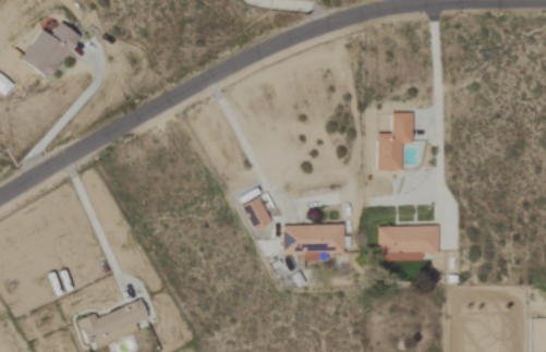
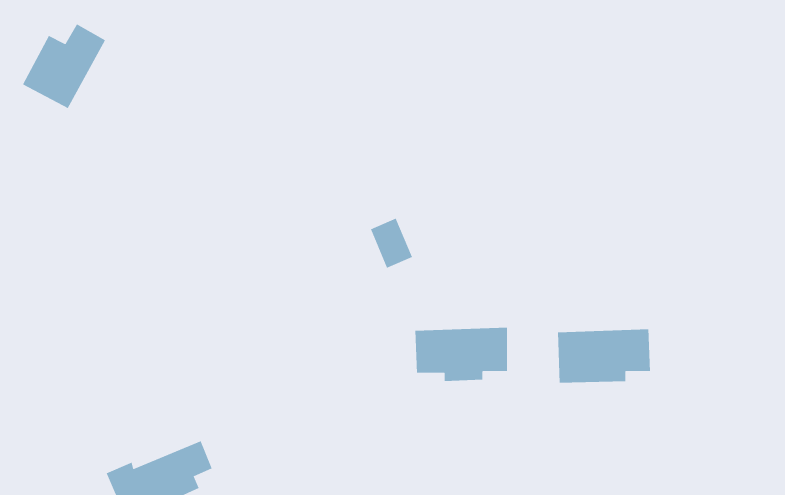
building: [378,112,414,169] -> none
building: [244,196,272,230] -> [370,218,413,269]

